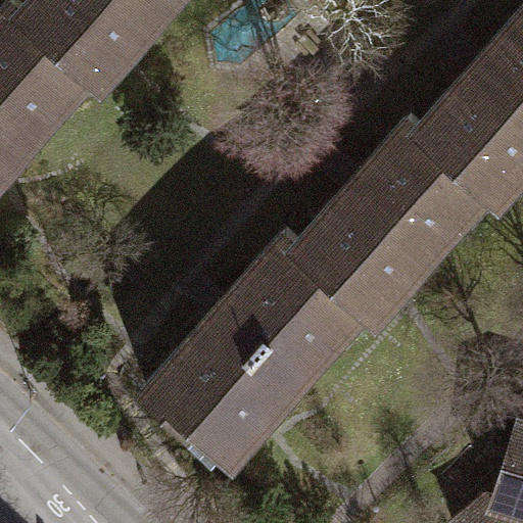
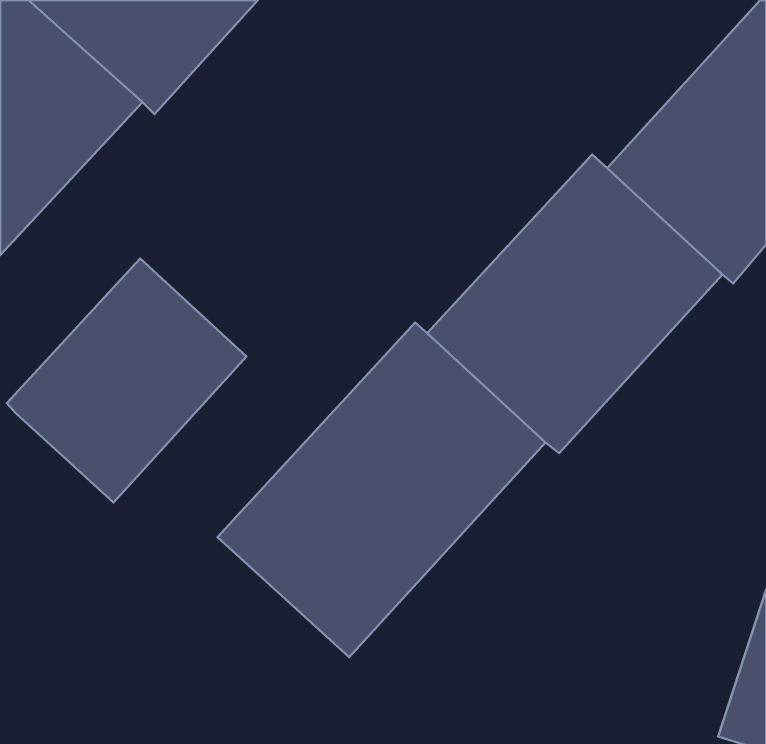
building: none -> [7,259,247,502]

